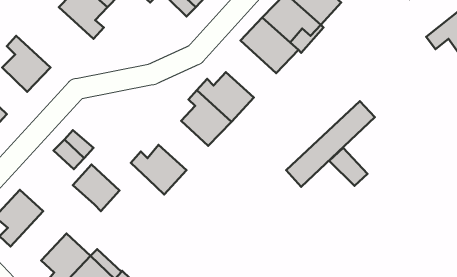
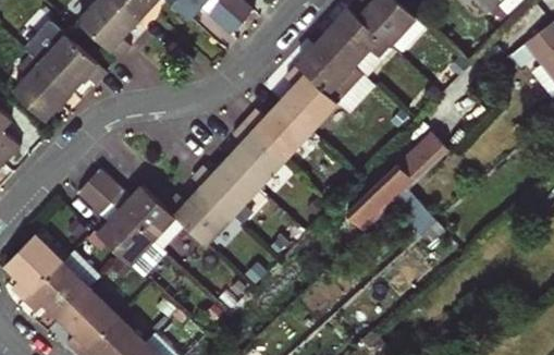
building: none -> [27,26,106,95]
building: none -> [275,63,334,130]
building: none -> [189,157,255,215]
building: none -> [119,185,185,250]
building: none -> [24,250,101,320]

